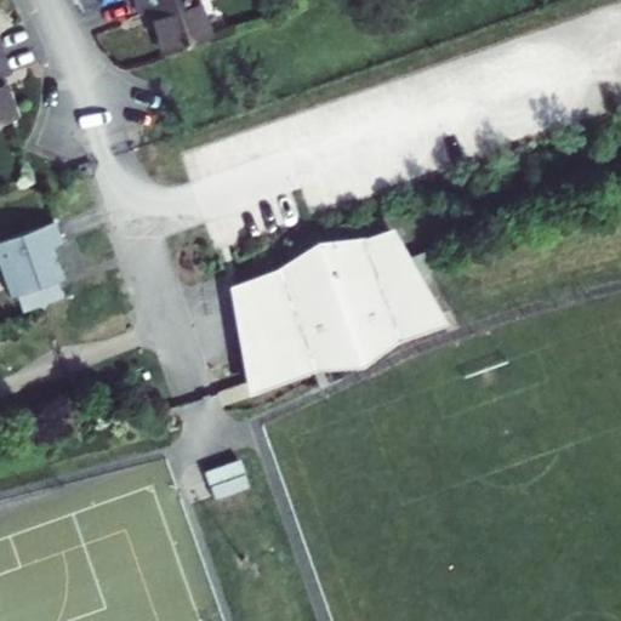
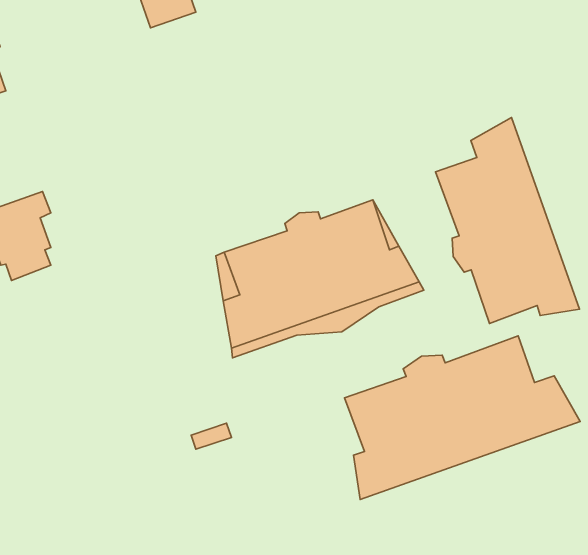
building: none -> [436,118,579,323]
building: none -> [344,336,580,499]

